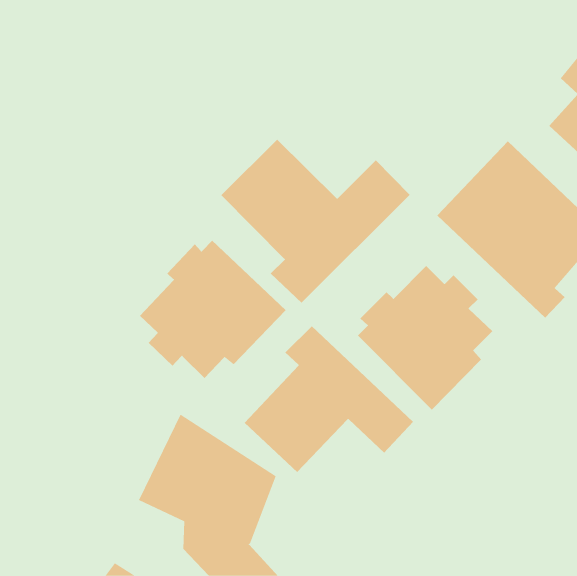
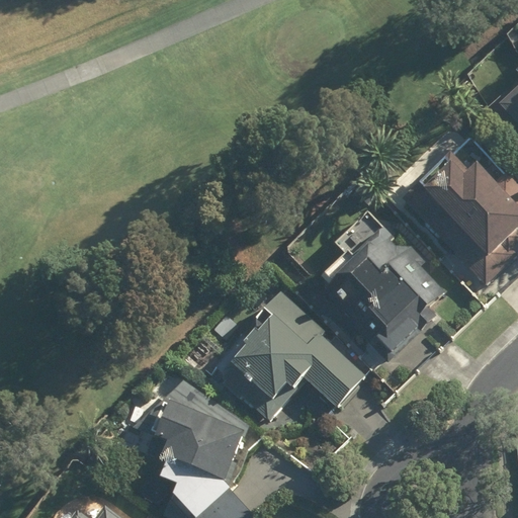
building: [220,139,410,304] -> none
building: [139,240,287,379] -> none

